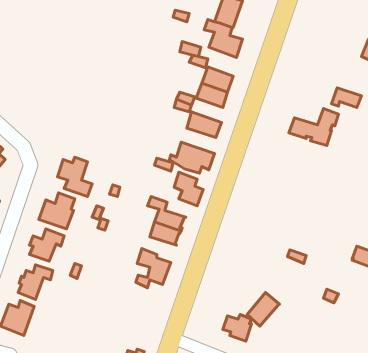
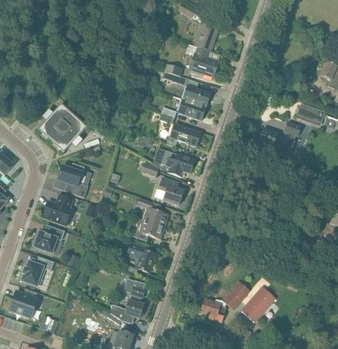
building: none -> [38,104,87,152]
building: none -> [110,286,146,323]
building: none -> [241,286,275,322]

